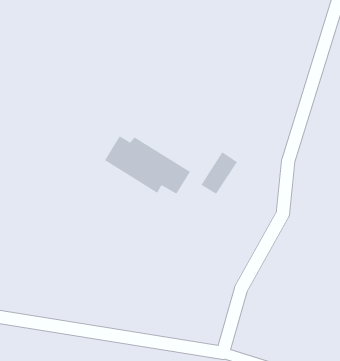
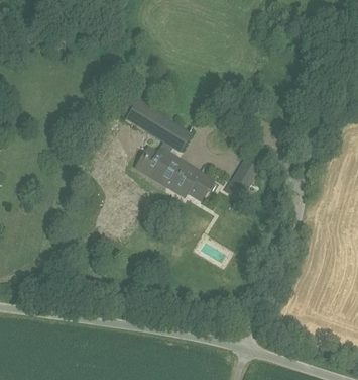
building: none -> [125,99,192,152]

